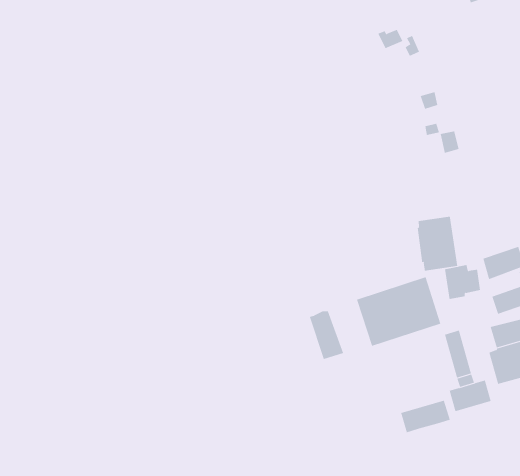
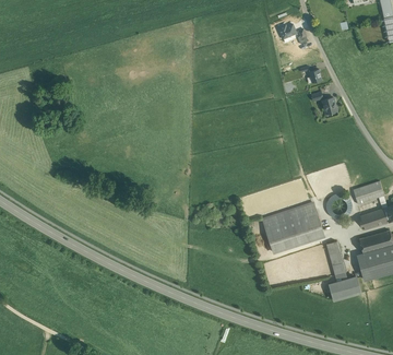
building: [417,216,458,271] -> none
building: [309,311,344,360] -> none
building: [400,400,450,433] -> none

